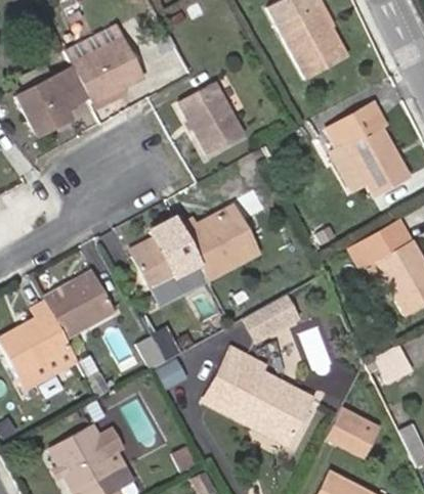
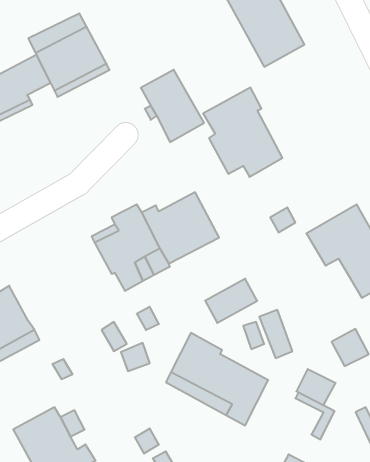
building: [327,103,408,194] -> [203,88,282,177]
building: [44,271,114,336] -> none
building: [327,415,367,452] -> [296,369,336,405]

